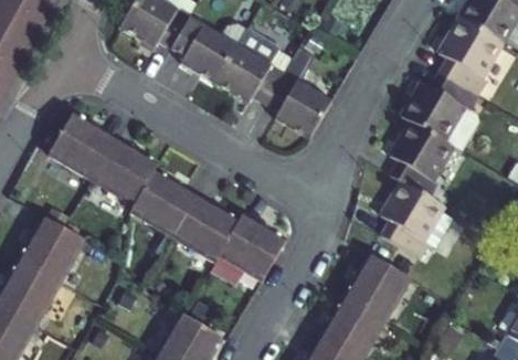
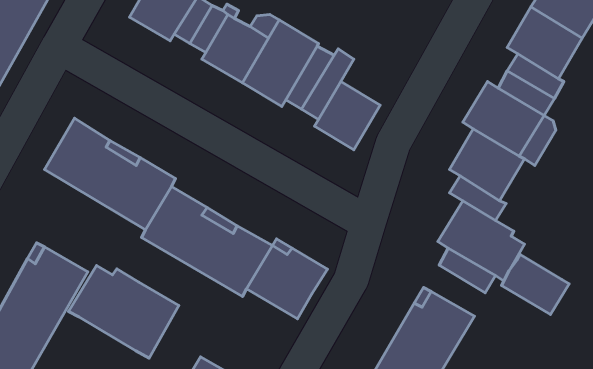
building: none -> [502,255,569,315]
building: none -> [69,266,179,358]

